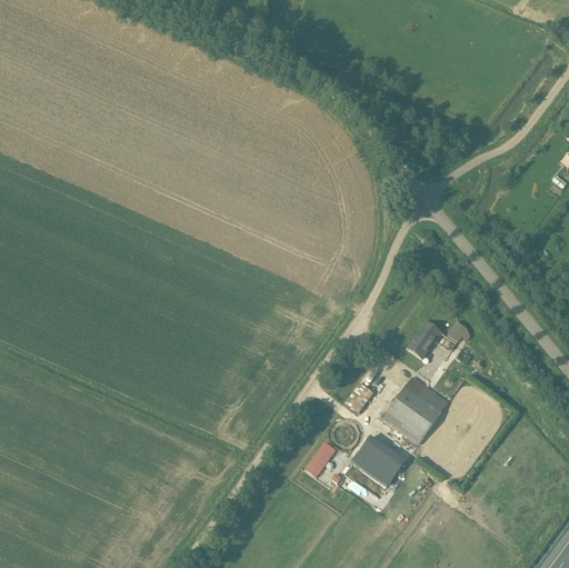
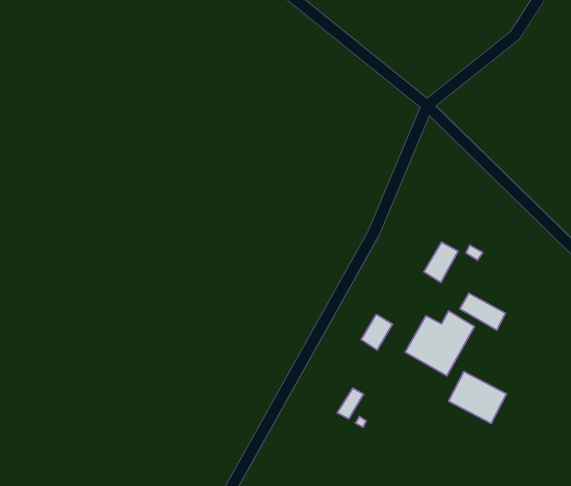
building: none -> [460,293,505,330]
building: [348,435,401,485] -> [449,371,506,423]

